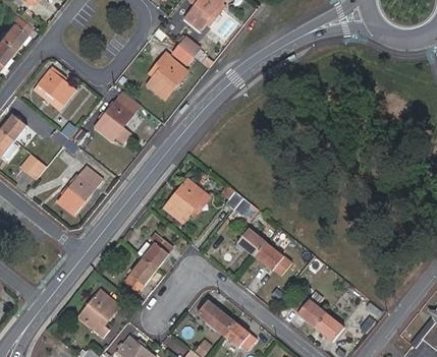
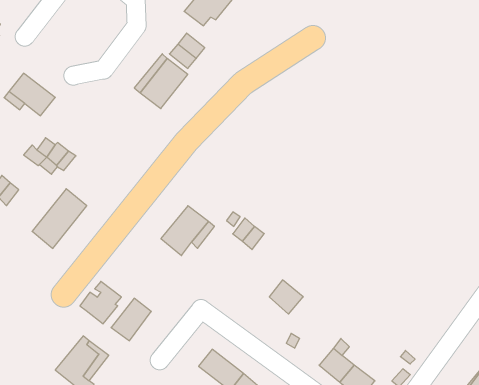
building: [95,100,134,141] -> none
building: [237,228,267,256] -> none
building: [138,233,172,269] -> [80,281,121,324]

